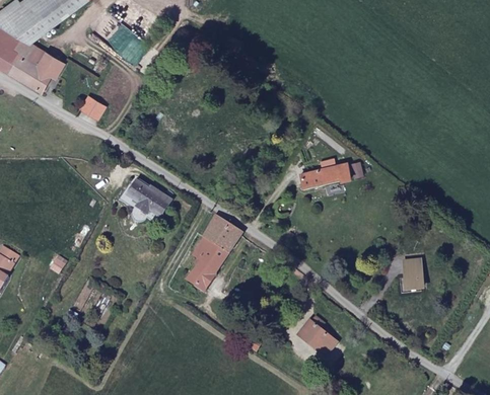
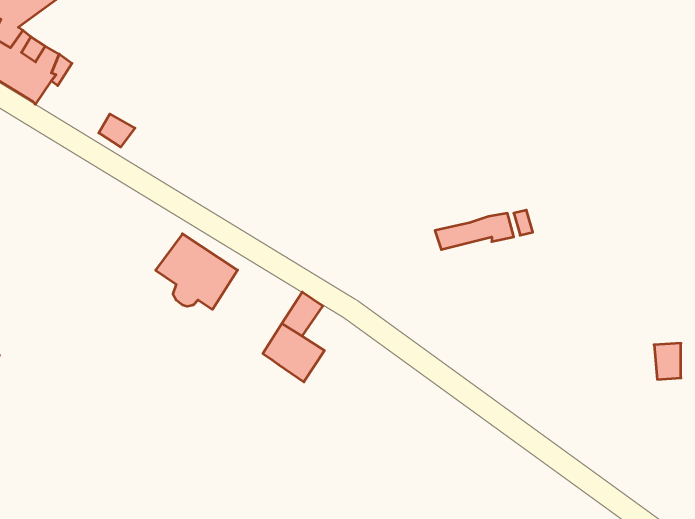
building: [213,223,240,251] -> none
building: [187,260,214,290] -> none
building: [404,262,421,286] -> [654,343,681,379]
building: [297,314,334,351] -> none

